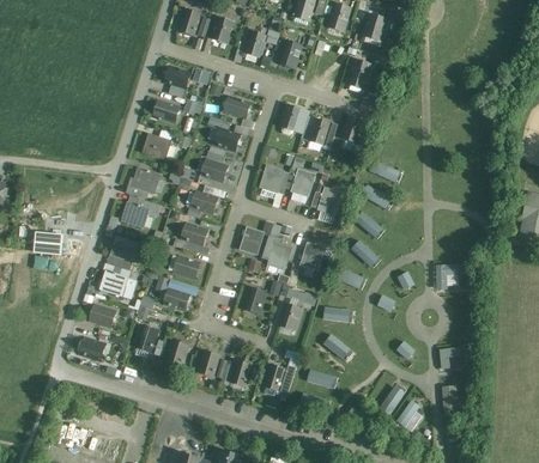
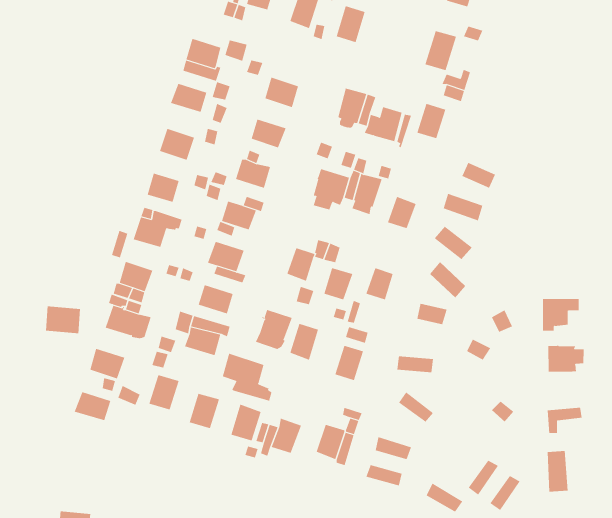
building: [35,232,62,254] -> [45,306,81,334]
building: none -> [255,309,293,350]
building: none -> [548,343,584,372]
building: none -> [222,353,272,401]

